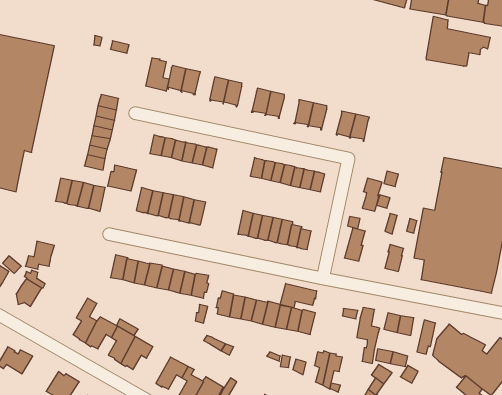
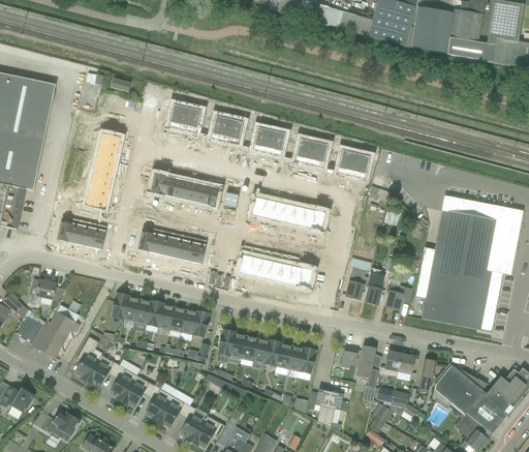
building: [426,16,490,66] -> none
building: [146,58,169,91] -> none
building: [108,165,137,191] -> none
building: [362,178,382,211] -> [365,271,384,304]
building: none -> [36,310,80,357]
building: [280,283,317,308] -> none
building: none -> [145,381,172,421]

